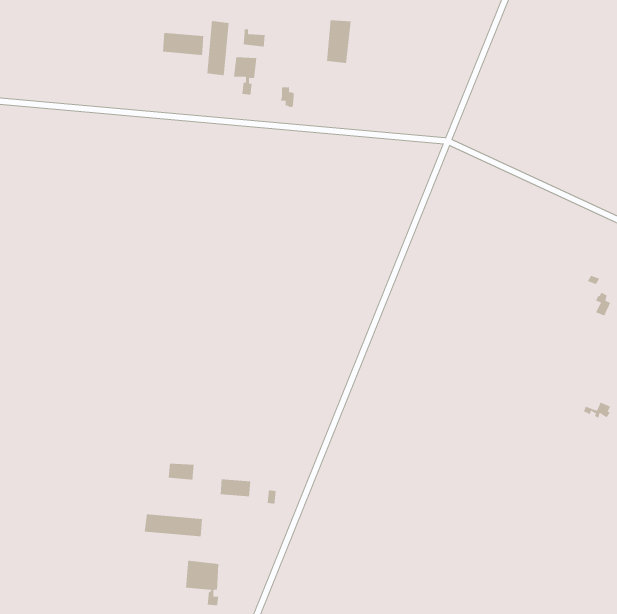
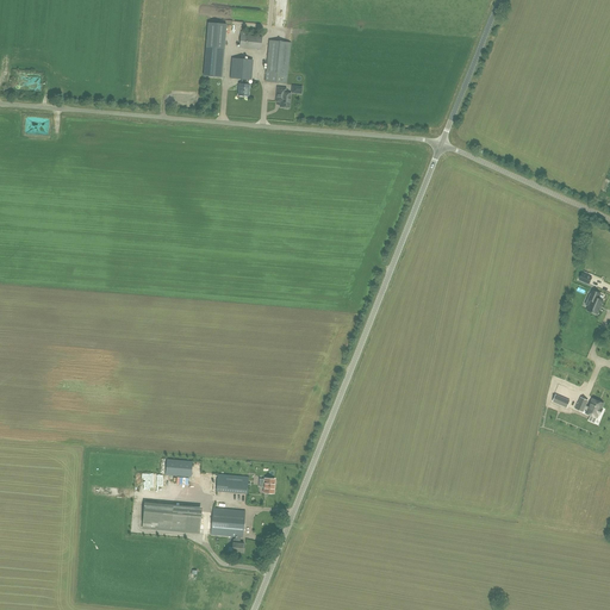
building: [326,20,352,63] -> [266,38,291,81]
building: [163,32,204,56] -> none
building: [185,560,219,606] -> [211,505,244,550]

